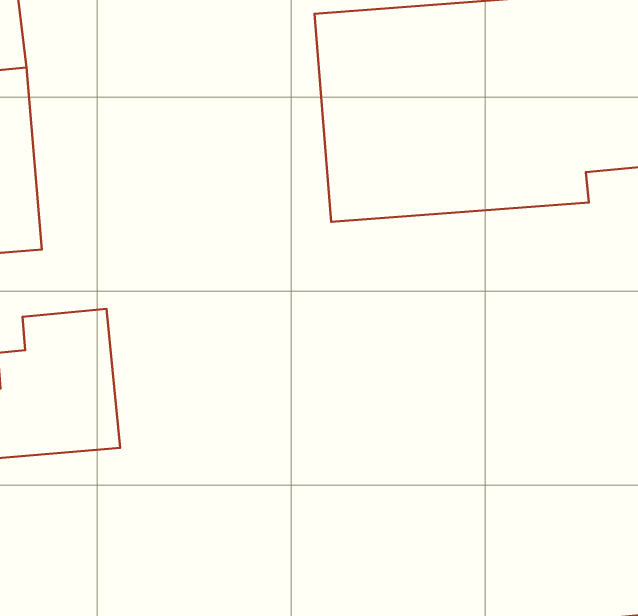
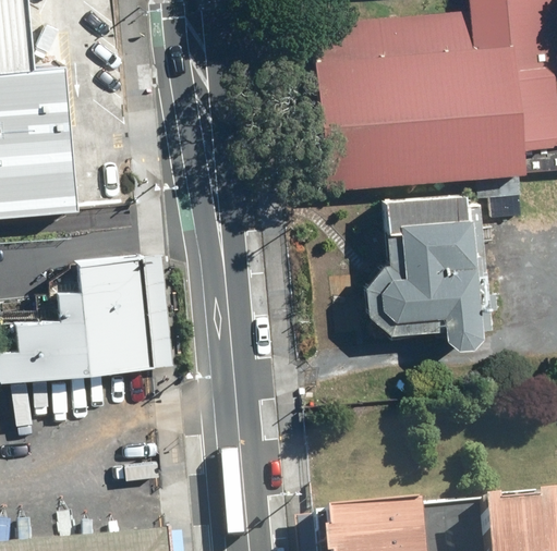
building: none -> [355,193,491,352]

